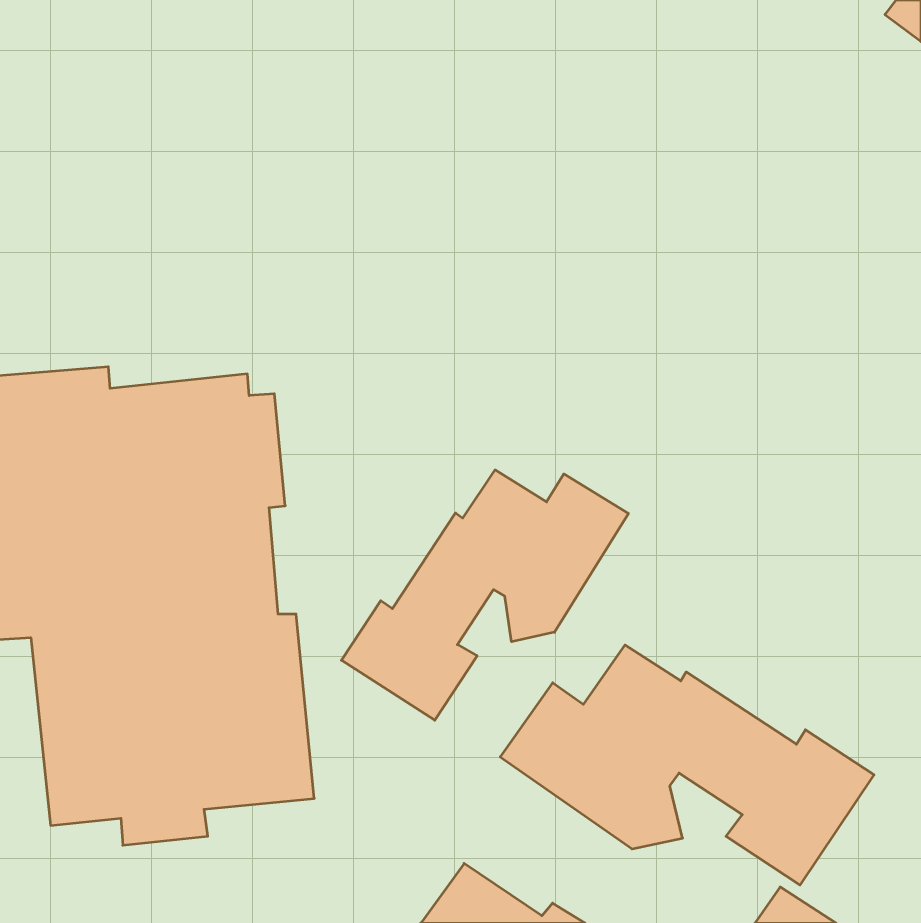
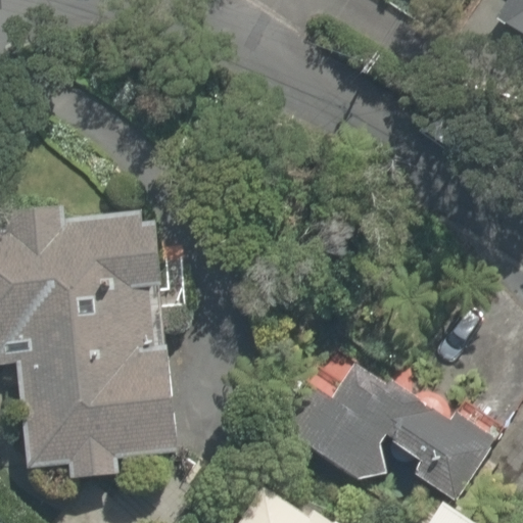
building: [341,470,628,720] -> none

